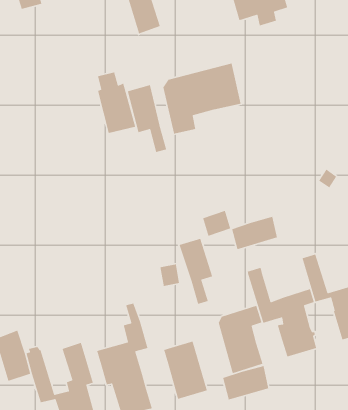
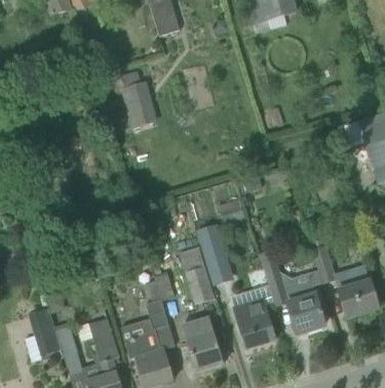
building: [163,63,241,135] -> none
building: [127,84,167,153] -> none
building: [231,216,278,250] -> none
building: none -> [185,266,215,305]
building: [222,365,269,400] -> none

